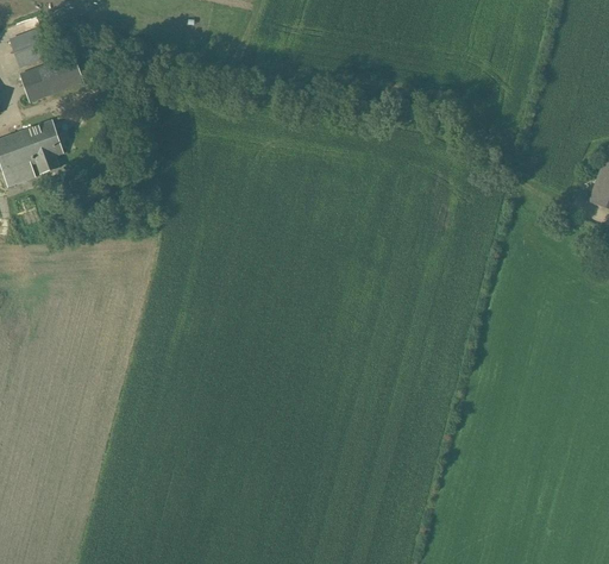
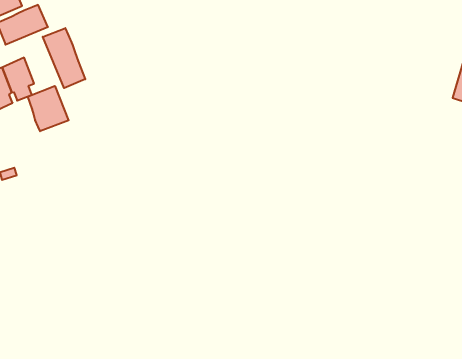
building: none -> [43,28,85,88]
building: none -> [28,86,69,131]

